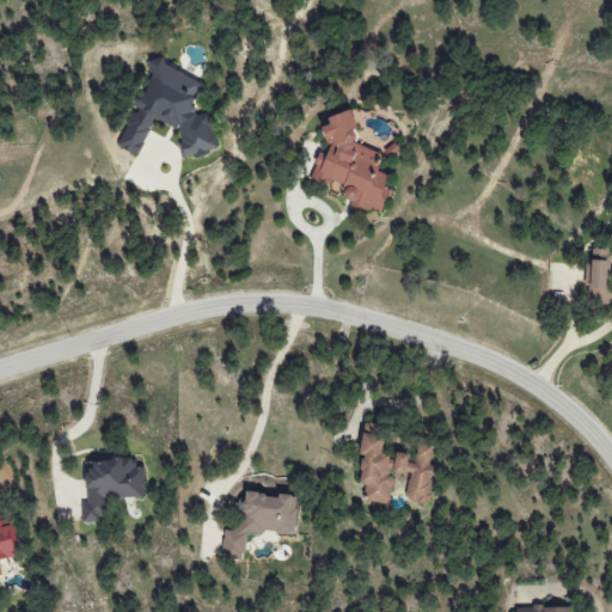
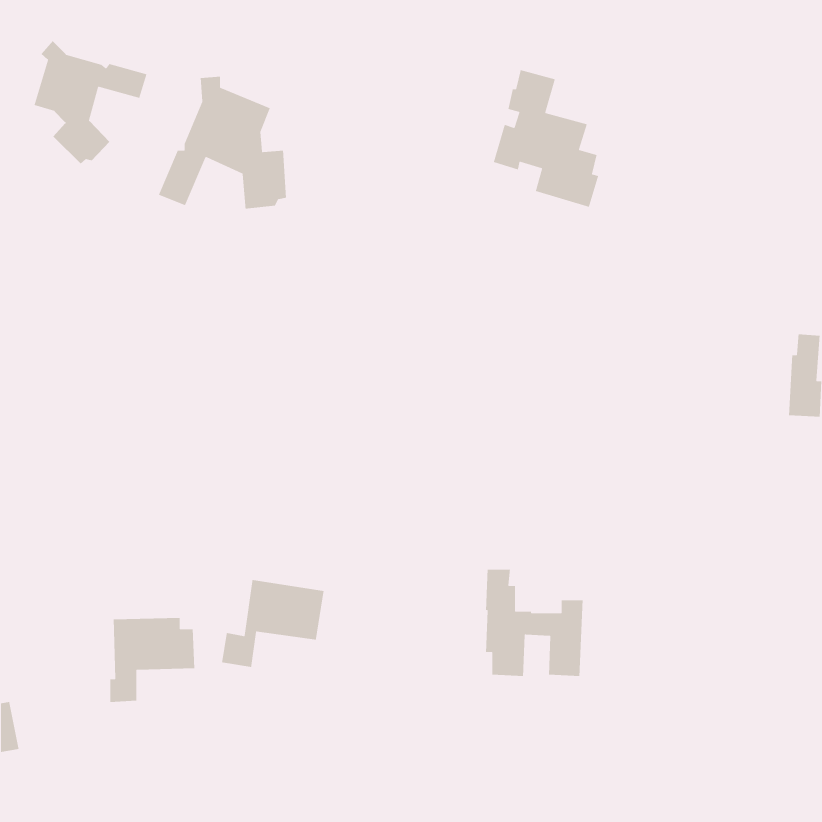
building: none -> [34,40,147,165]
building: [311,110,390,213] -> [493,69,599,208]
building: [222,489,299,555] -> [221,579,324,668]

